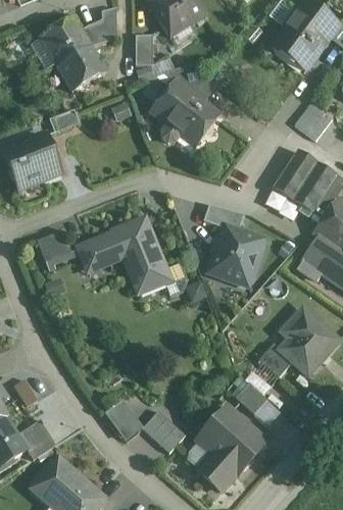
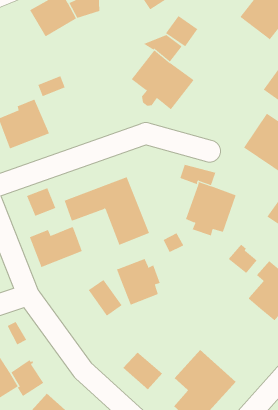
building: [135,35,152,65] -> none
building: none -> [165,15,198,47]
building: [56,46,106,91] -> none
building: none -> [29,226,83,268]
building: none -> [116,258,160,305]
building: [258,345,291,377] -> [228,244,258,274]
building: [234,382,267,415] -> none
building: [103,399,141,440] -> [88,279,122,316]

